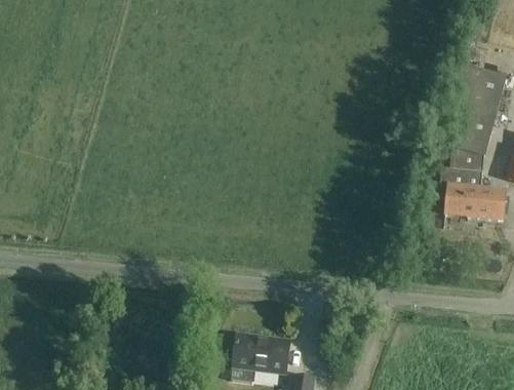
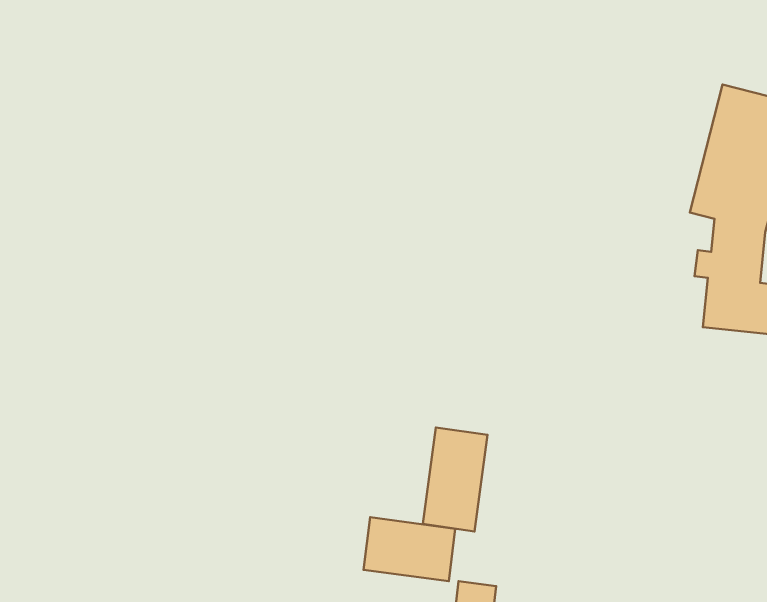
building: none -> [423,427,488,531]

